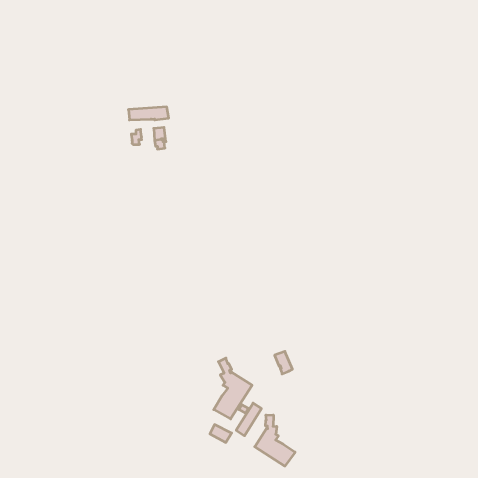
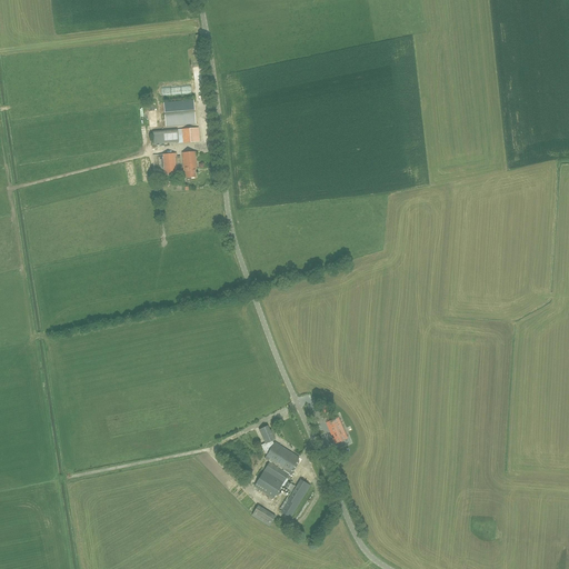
building: none -> [164,99,197,124]
building: [255,415,295,466] -> none

